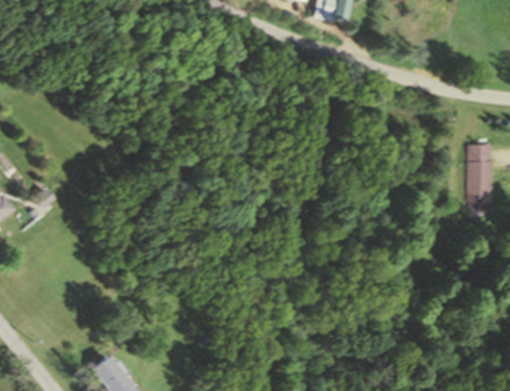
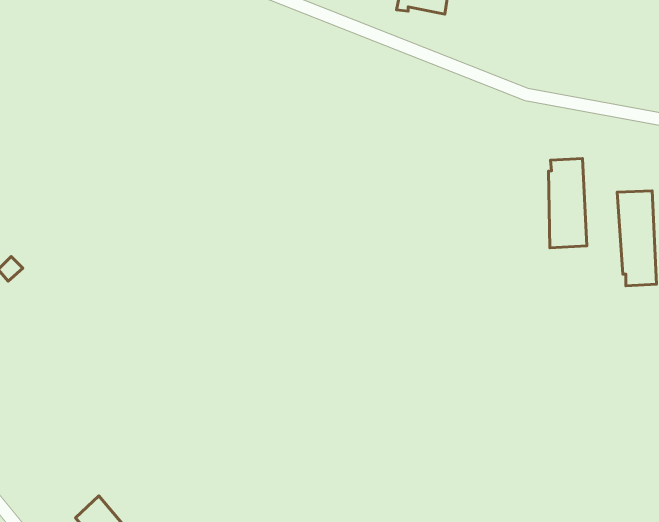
building: none -> [548,159,587,248]

